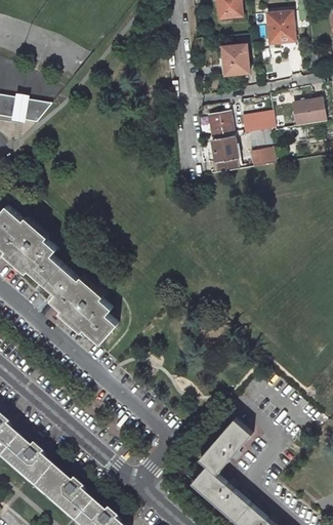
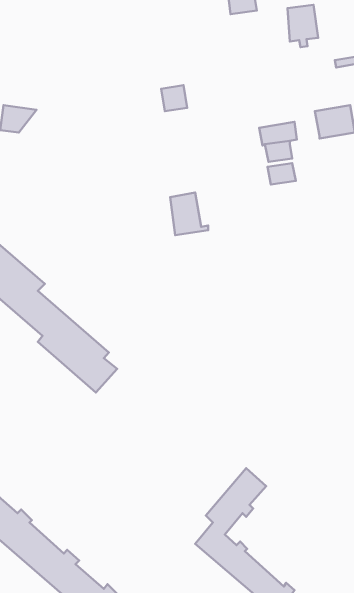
building: [221,42,248,73] -> none
building: [208,110,231,132] -> [161,85,187,111]
building: [211,133,244,170] -> [170,192,208,235]

